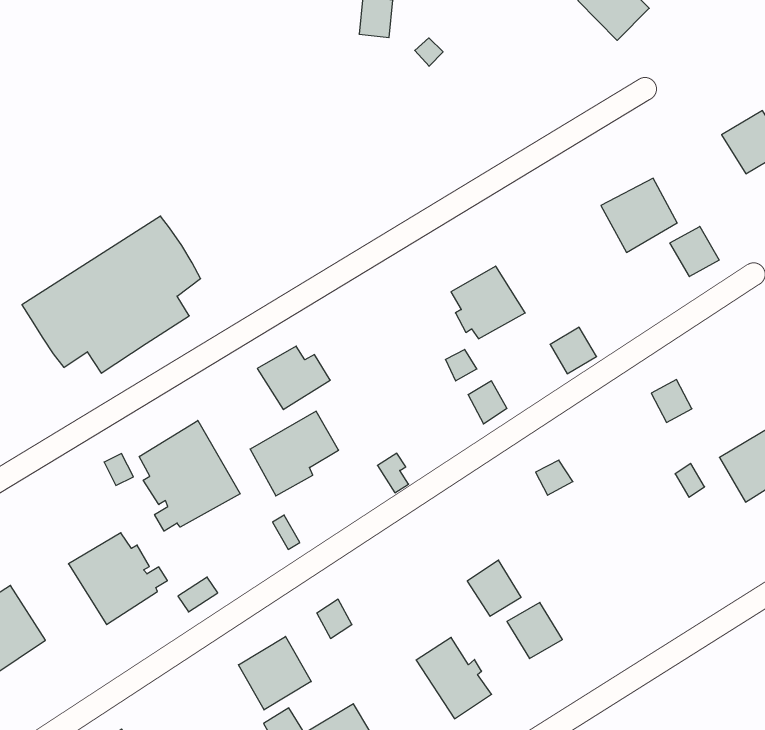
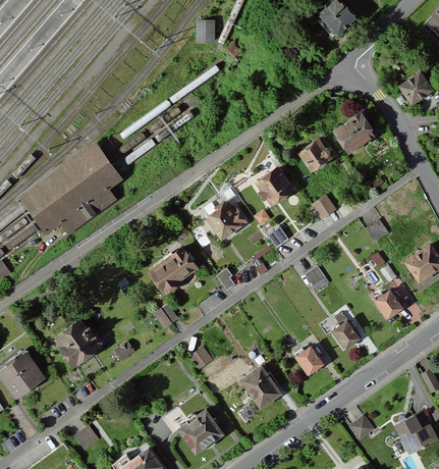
building: none -> [297,137,332,171]
building: [670,226,719,277] -> none
building: [257,346,330,410] -> [211,205,251,240]
building: [139,420,240,531] -> none
building: none -> [375,288,404,318]
building: [467,560,521,616] -> [331,318,361,349]
building: [238,636,311,710] -> none

